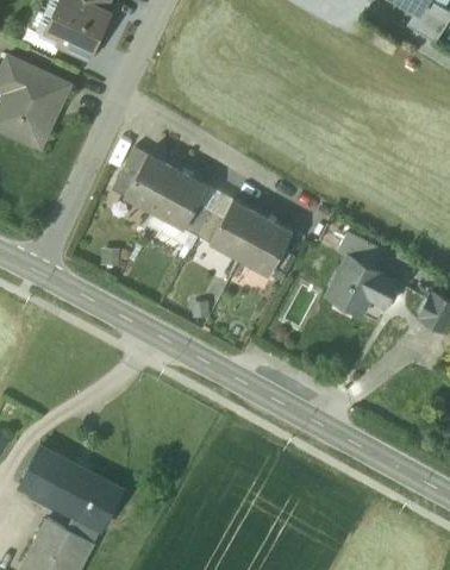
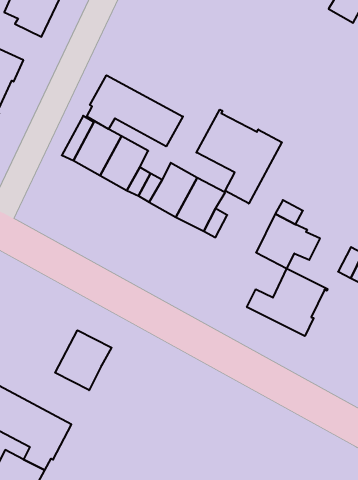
building: none -> [87,75,183,146]
building: none -> [196,110,282,204]
building: none -> [247,268,328,336]
building: none -> [55,330,112,390]

